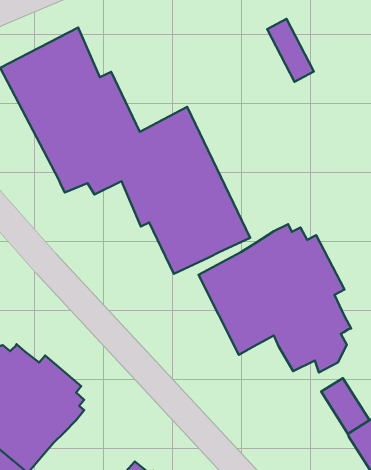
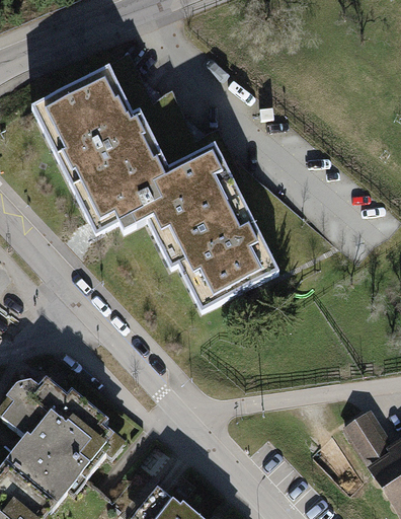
building: [267,19,314,82] -> none
building: [198,224,351,372] -> none

